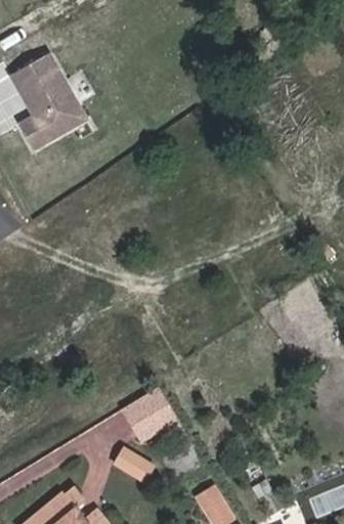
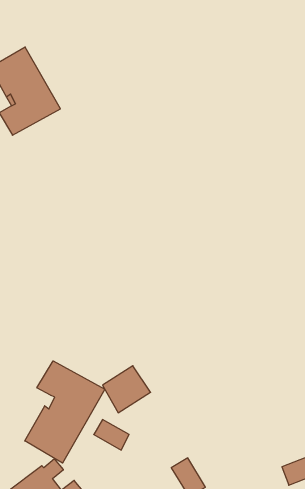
building: none -> [25,361,105,463]

